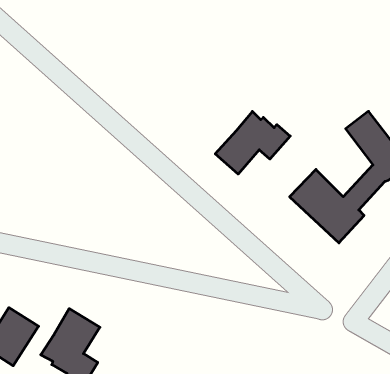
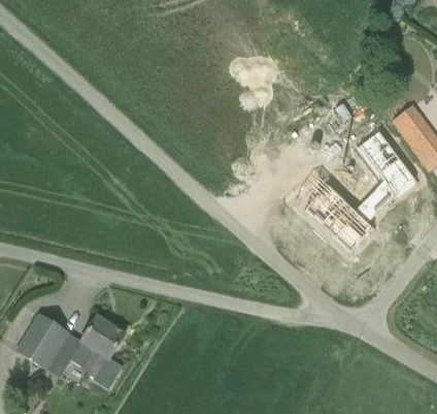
building: [215,111,290,174] -> none

